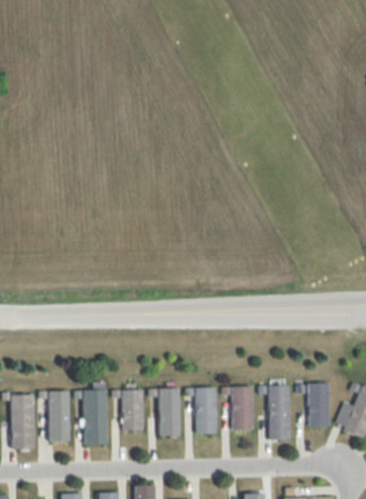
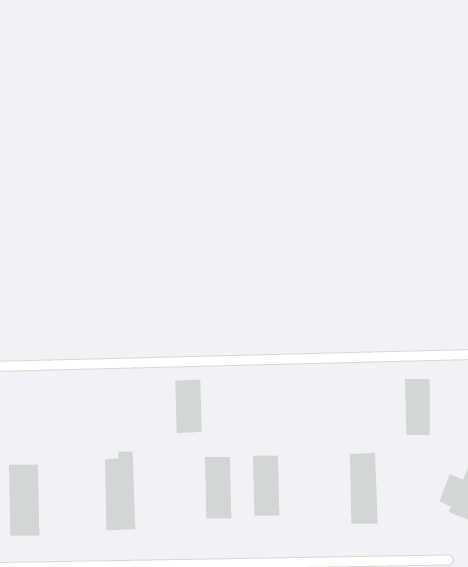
building: [309,383,329,426] -> [404,378,431,436]
building: [232,386,253,429] -> none
building: [122,389,143,430] -> [175,379,203,434]
building: [47,390,70,442] -> none

